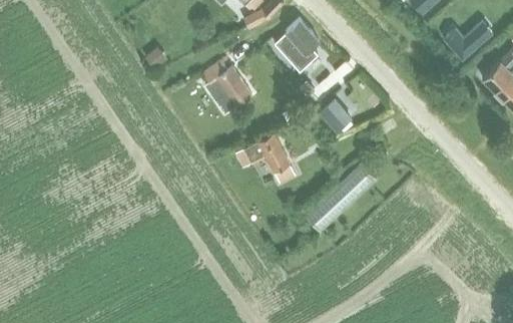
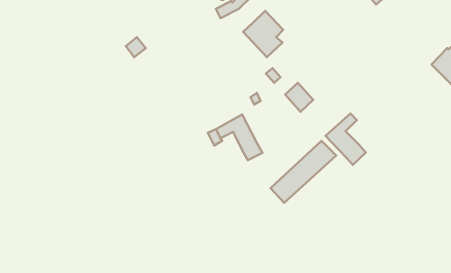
building: [443,23,492,62] -> none
building: [202,61,251,115] -> none
building: none -> [326,113,366,165]

